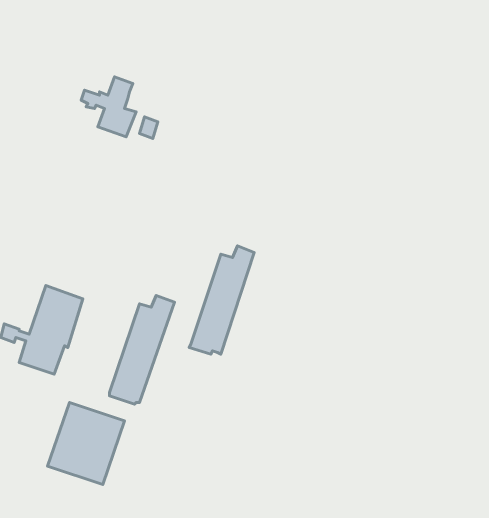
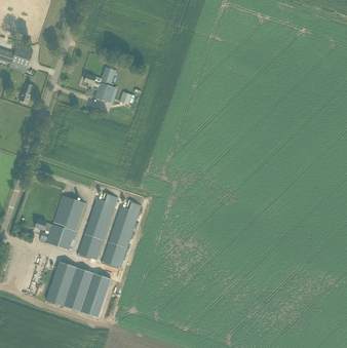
building: [189,246,254,354] -> [77,192,117,259]
building: none -> [45,260,77,305]

